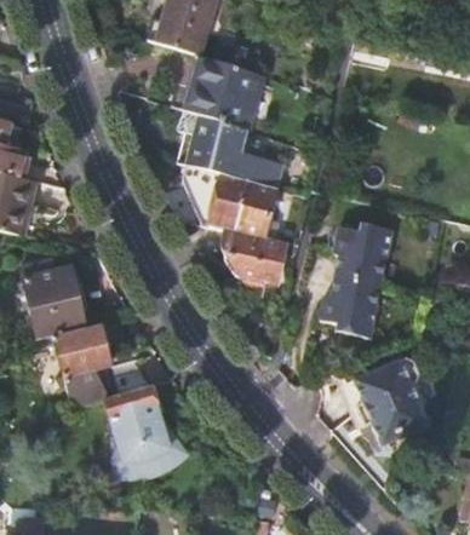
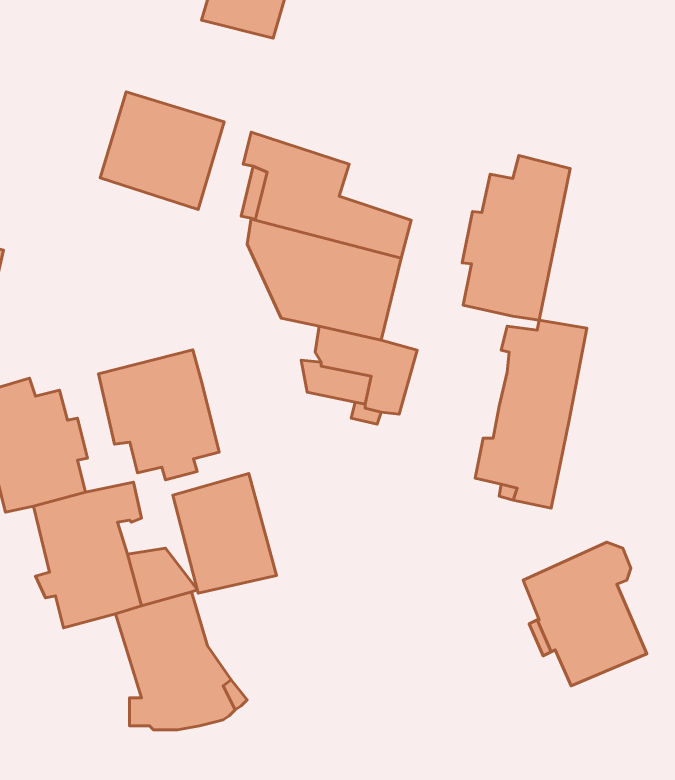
building: [187,58,262,130] -> [100,92,224,210]
building: none -> [462,155,570,320]
building: none -> [99,350,219,480]
building: none -> [173,474,276,593]

